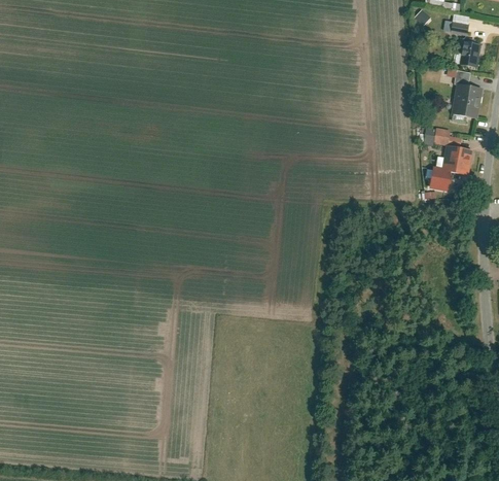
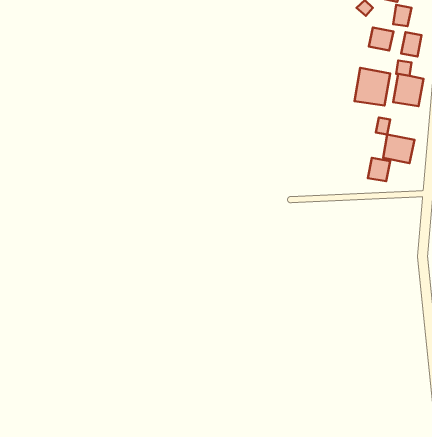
building: none -> [369,27,393,50]
building: none -> [354,68,390,106]

